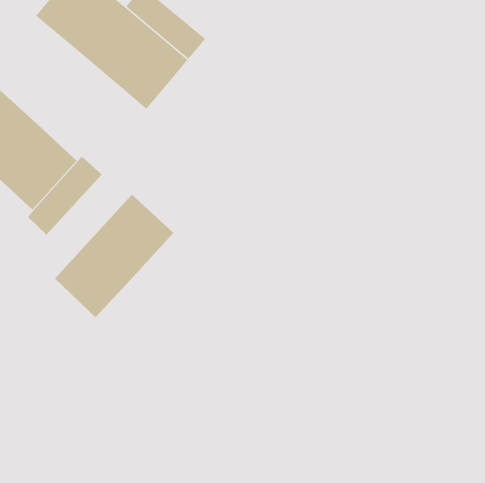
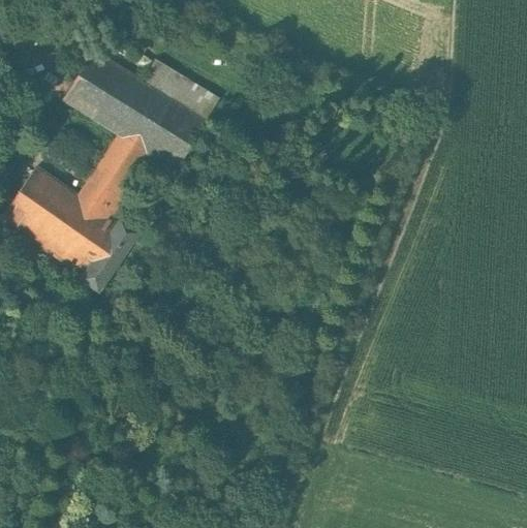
building: none -> [79,133,153,216]
building: [54,194,174,318] -> none

